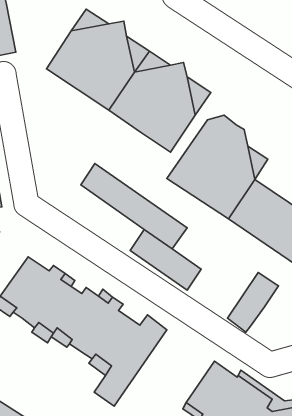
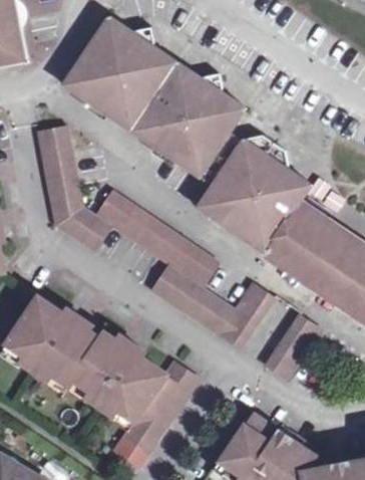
building: none -> [41,125,111,248]
building: none -> [219,283,275,349]

